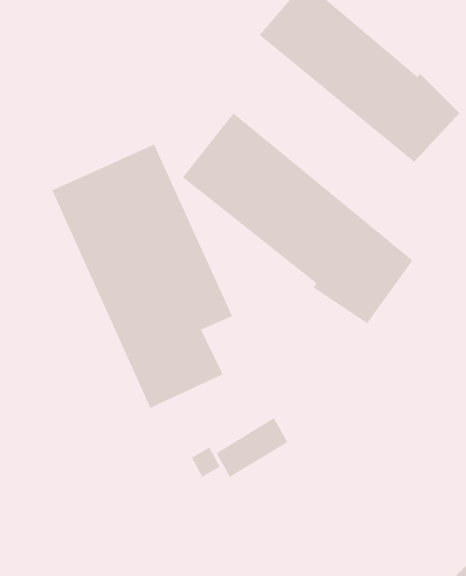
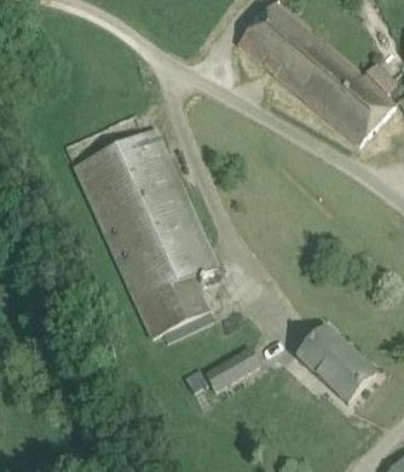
building: [182,112,413,324] -> none
building: none -> [298,326,375,402]

